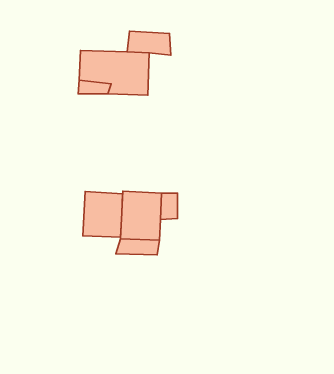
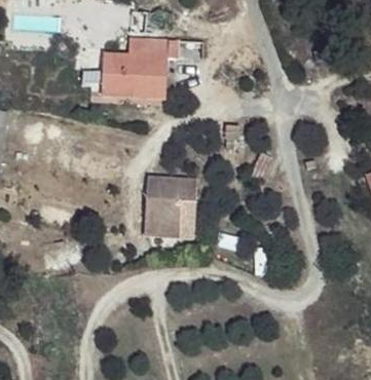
building: [83,191,122,237] -> none

